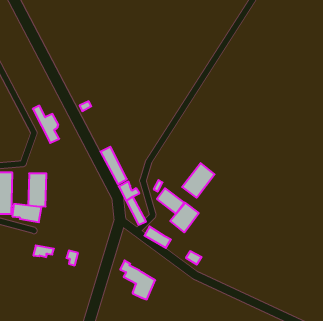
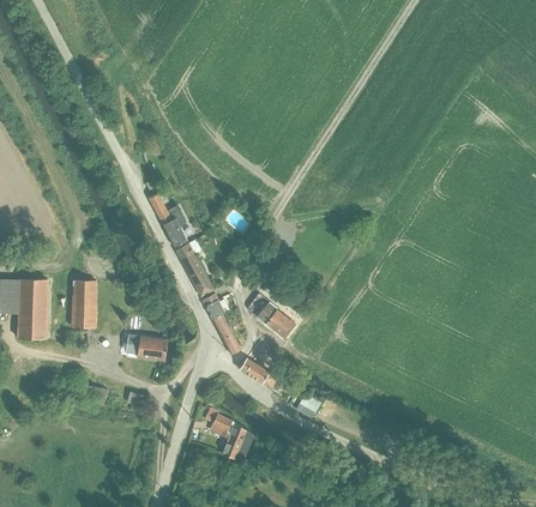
building: [33,106,59,143] -> [149,193,187,247]
building: [182,163,215,198] -> none
building: [170,203,199,232] -> none
building: [12,204,41,222] -> [126,336,168,362]

